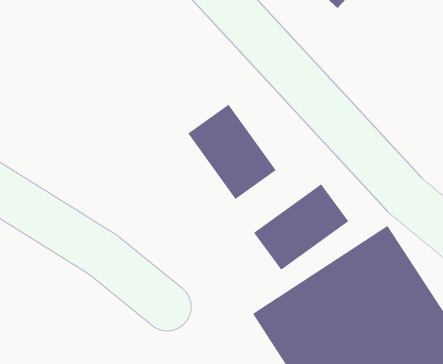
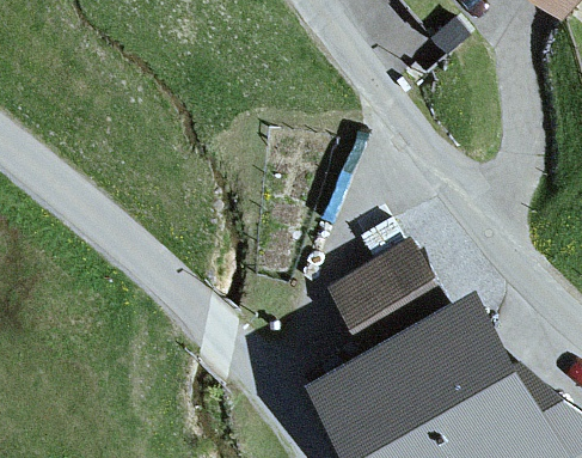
building: [187,104,277,200] -> none

